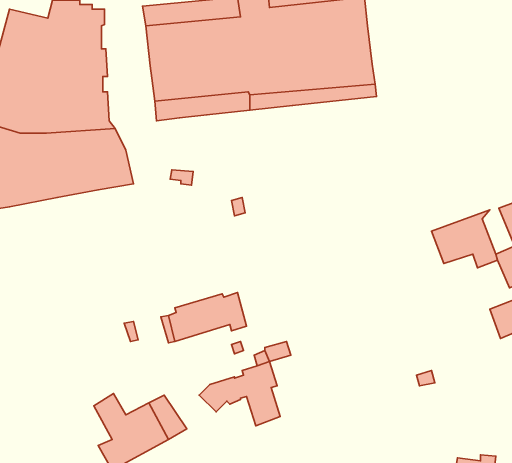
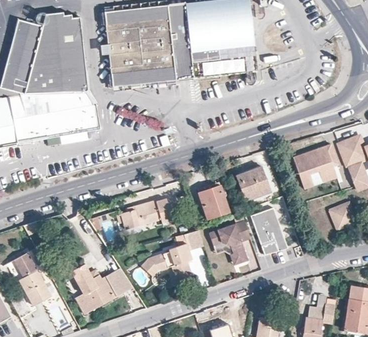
building: none -> [236,166,272,200]
building: none -> [198,185,229,219]
building: none -> [253,207,288,255]
building: none -> [209,220,251,263]
building: none -> [15,252,51,305]

